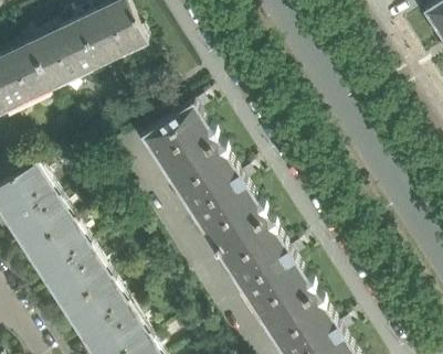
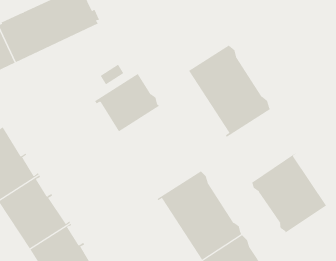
building: [169,141,266,250] -> [188,45,271,137]
building: none -> [251,152,327,233]

